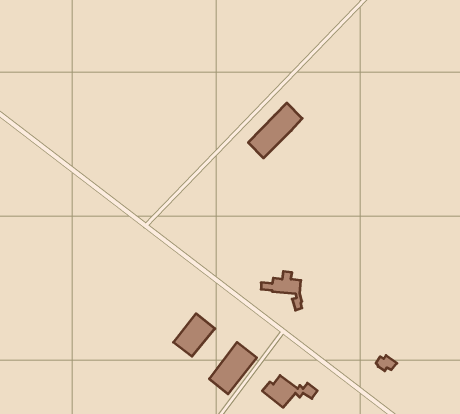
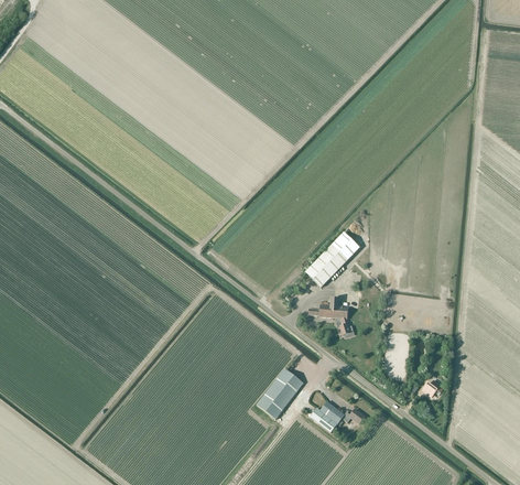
building: [248,103,302,158] -> [305,231,359,287]
building: [173,314,215,356] -> none

